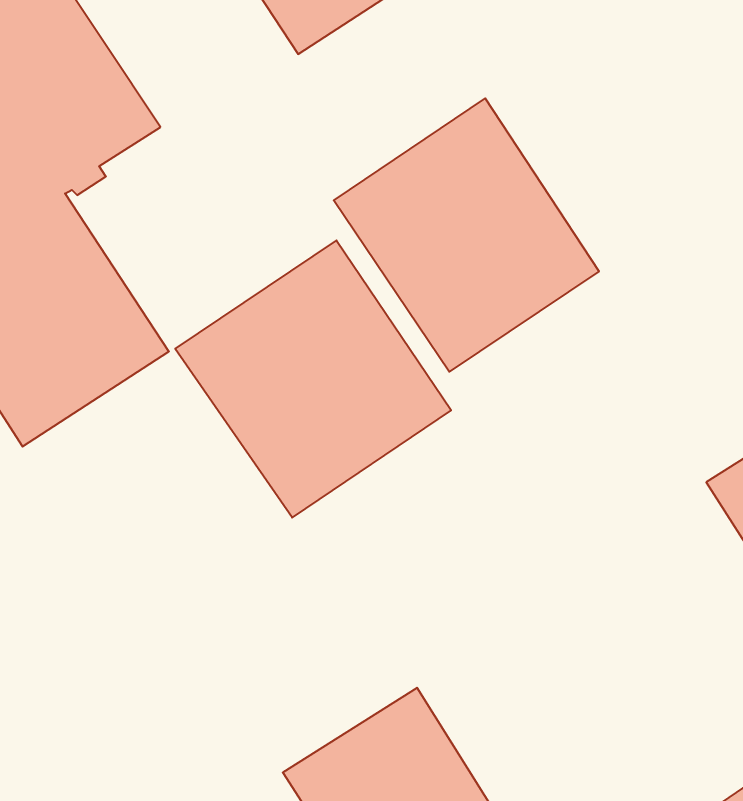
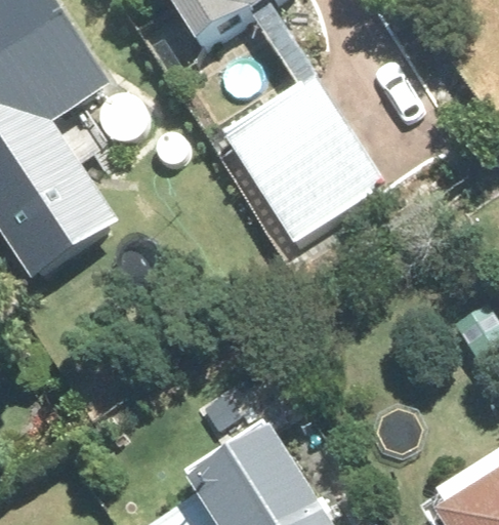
building: [175,240,451,518] -> none

